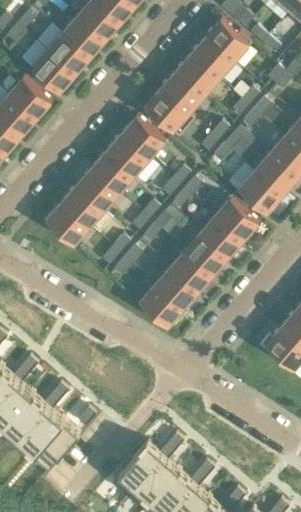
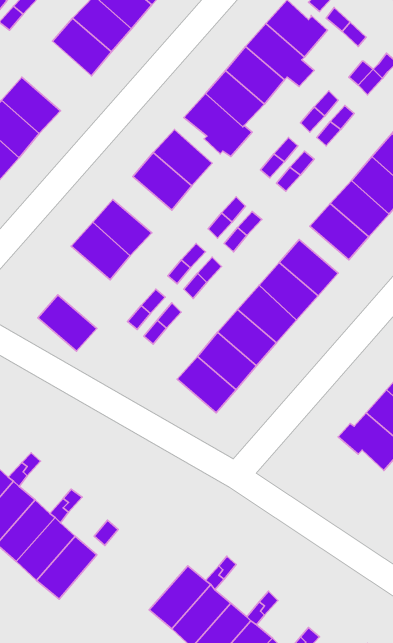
building: [30,50,74,93] -> none
building: [90,151,134,193] -> none
building: [44,203,88,245] -> [38,295,97,351]

